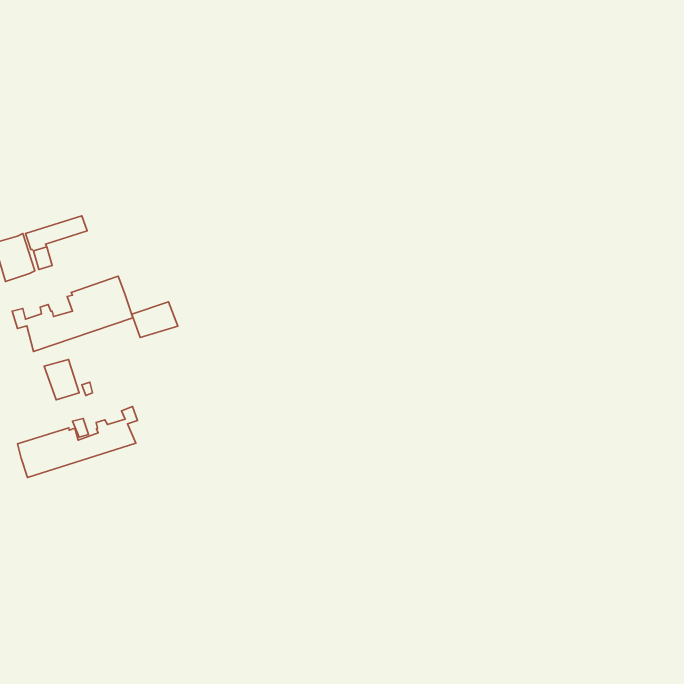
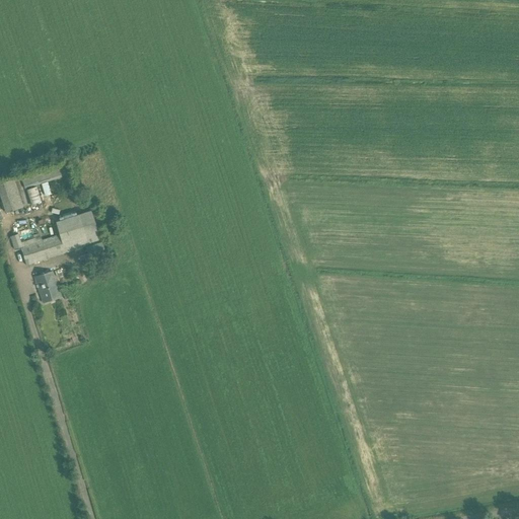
building: [132,302,178,337] -> none
building: [18,407,138,478] -> none

